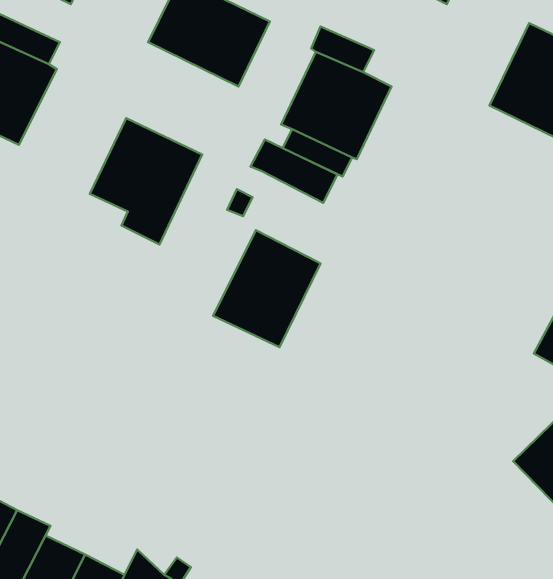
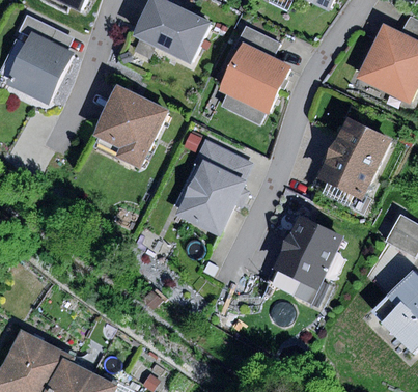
building: [251,140,338,203] -> [194,139,251,180]
building: none -> [316,116,391,200]
building: none -> [272,214,343,289]

